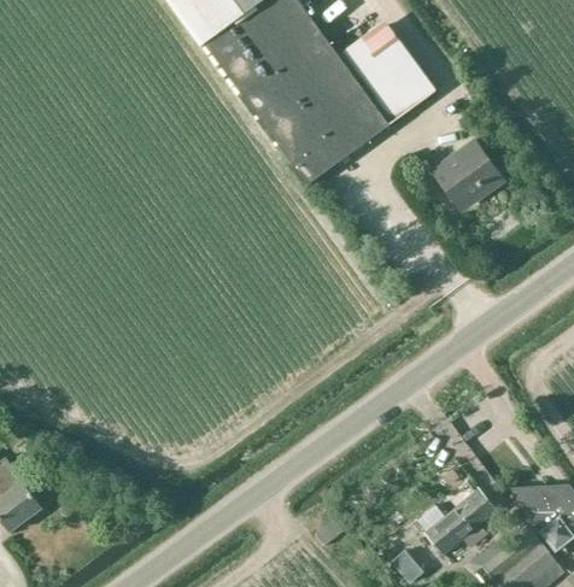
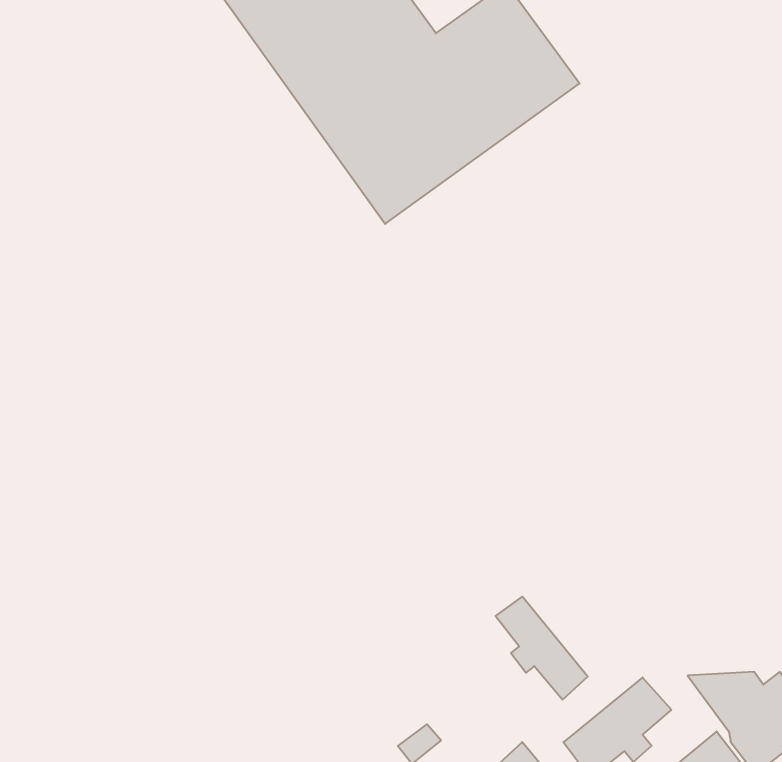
building: [432,139,504,204] -> none
building: none -> [496,597,588,700]

